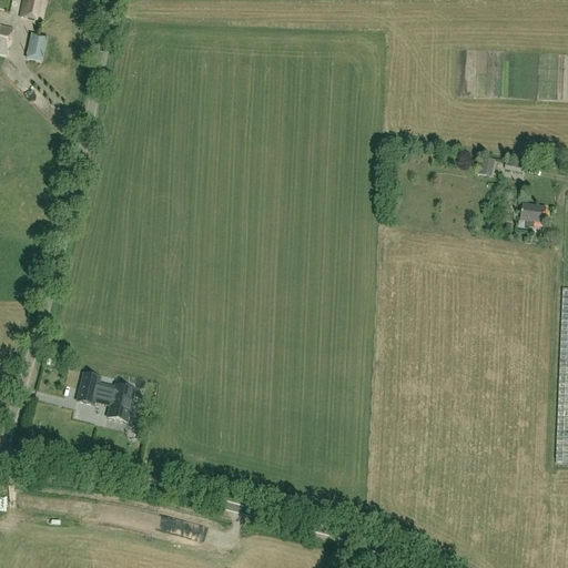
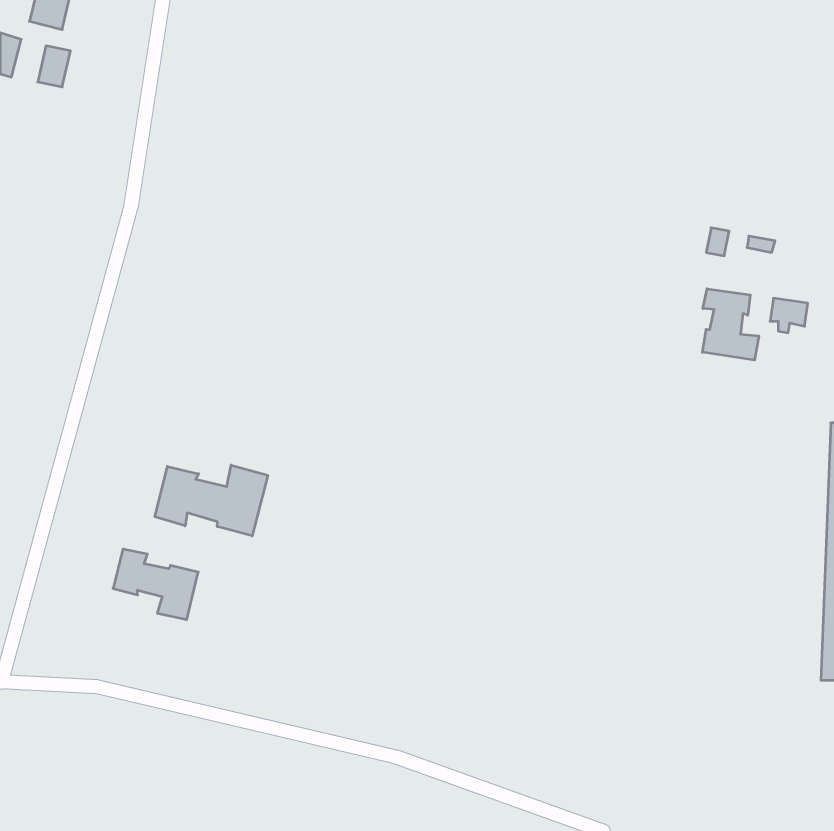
building: none -> [702,289,759,360]
building: none -> [155,465,268,536]

